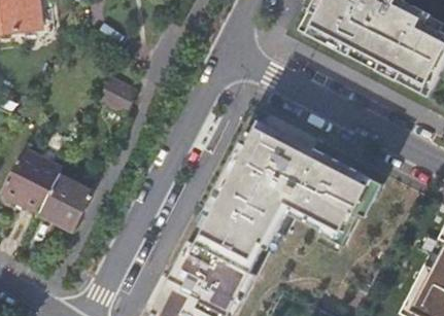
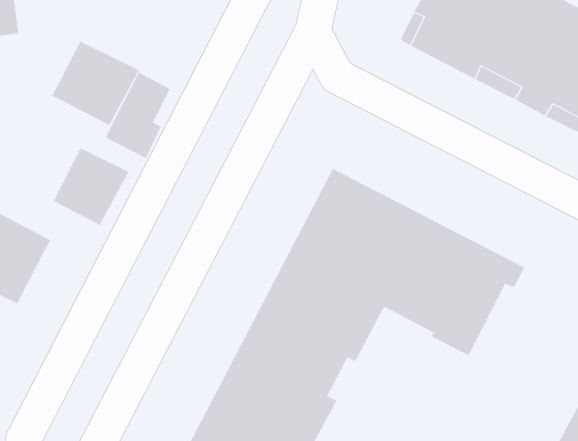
building: none -> [51,41,140,126]
building: [41,174,93,226] -> [53,148,129,225]

